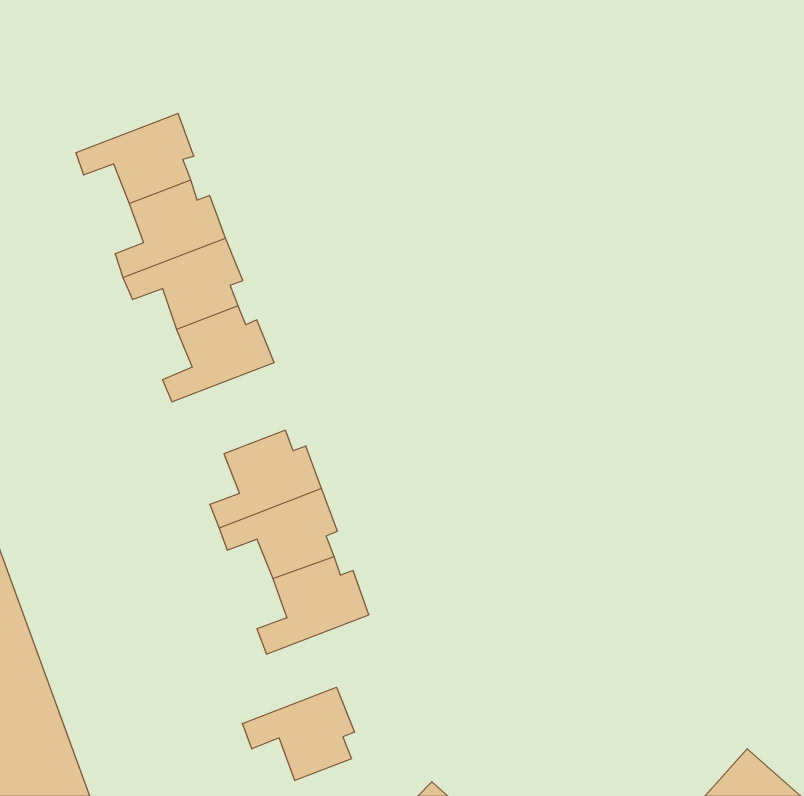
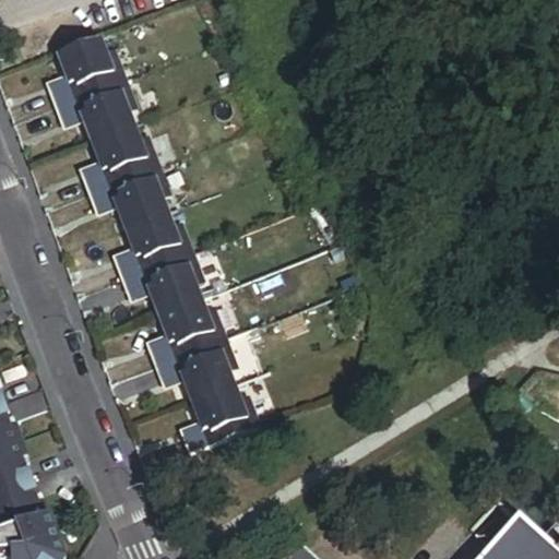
building: none -> [46,37,123,106]
building: none -> [119,251,201,314]
building: [242,687,354,781] -> none

